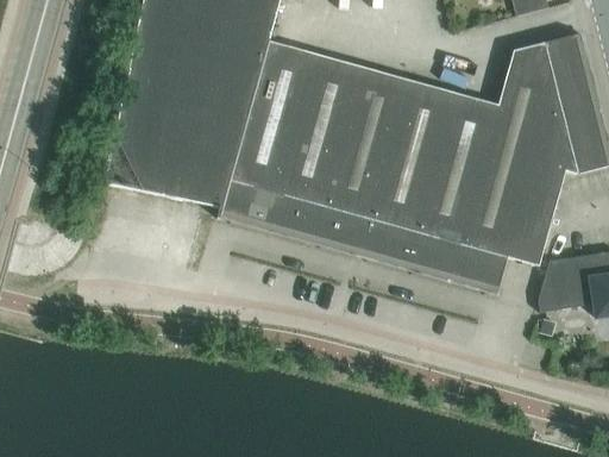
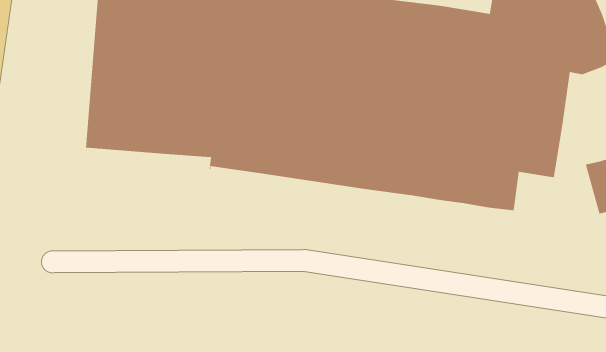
building: [538,256,576,311] -> none

